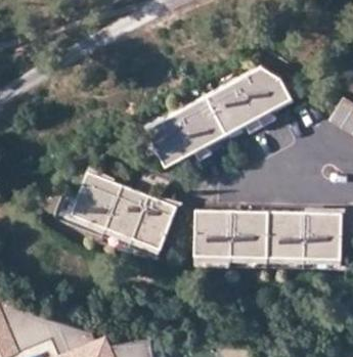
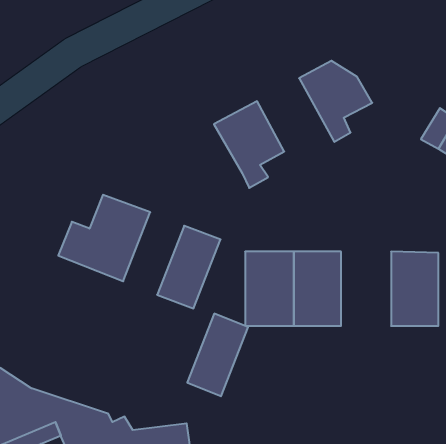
building: [205,80,263,136] -> none
building: [145,115,193,168] -> none
building: [103,181,149,243] -> [187,314,248,396]
building: [268,211,306,267] -> none

